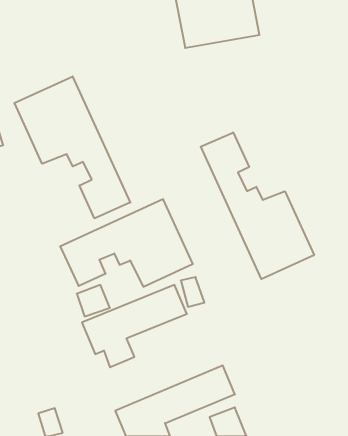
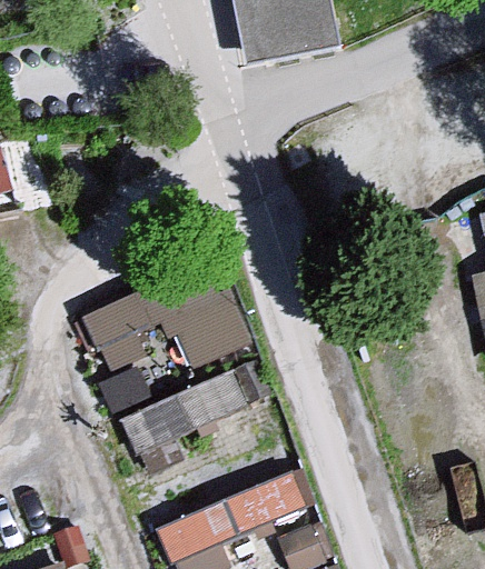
building: [14,76,130,218] -> none
building: [201,132,314,279] -> none

